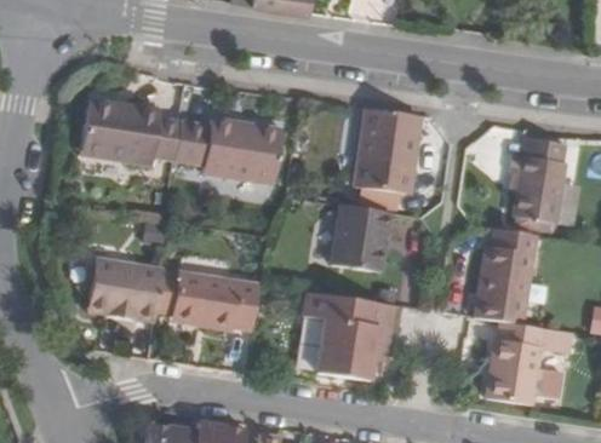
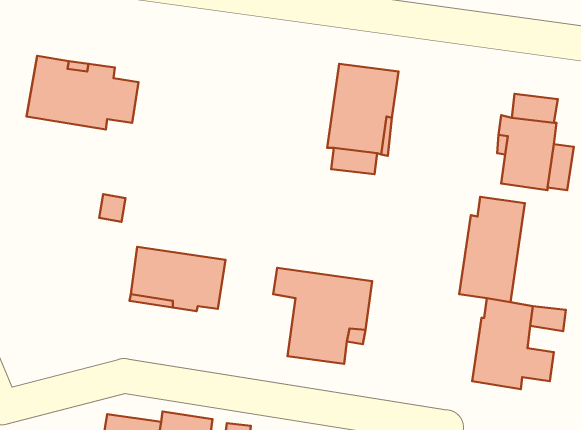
building: [174,114,284,180] -> none
building: [332,201,390,269] -> none
building: [87,258,165,321] -> none

